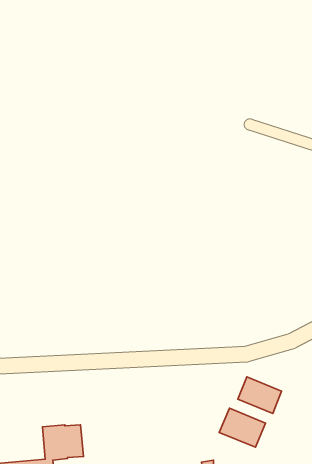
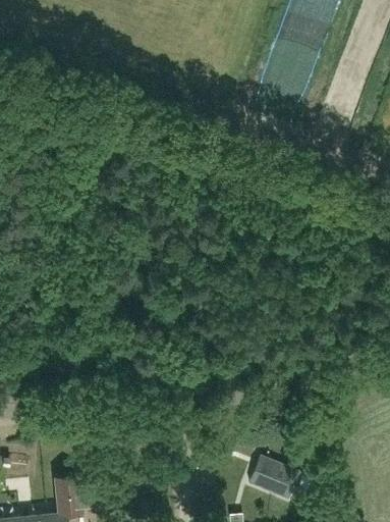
building: [238,377,282,413] -> none

